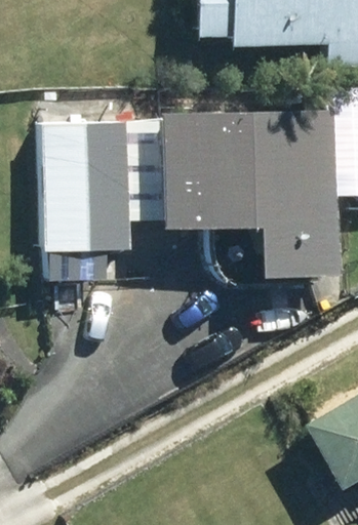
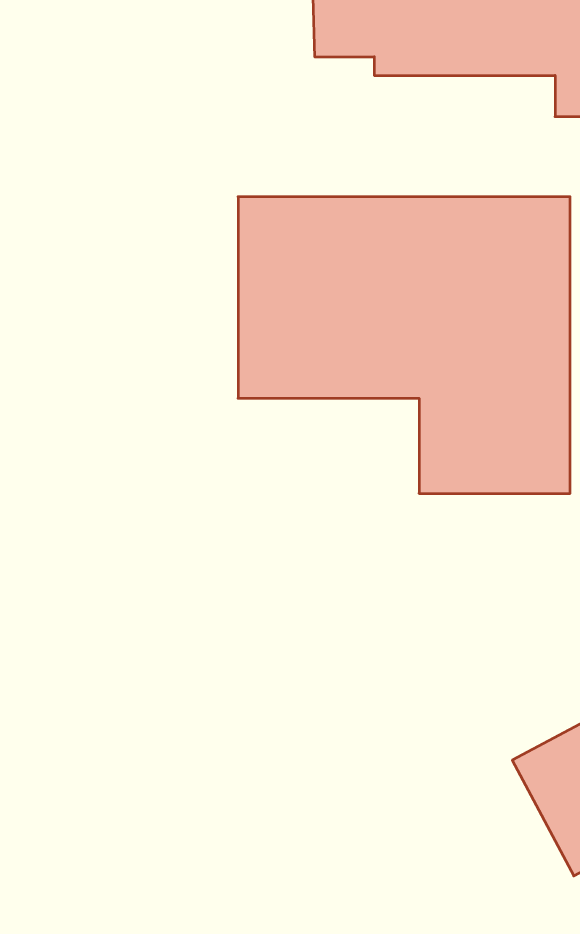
building: [40,124,134,253] -> none

